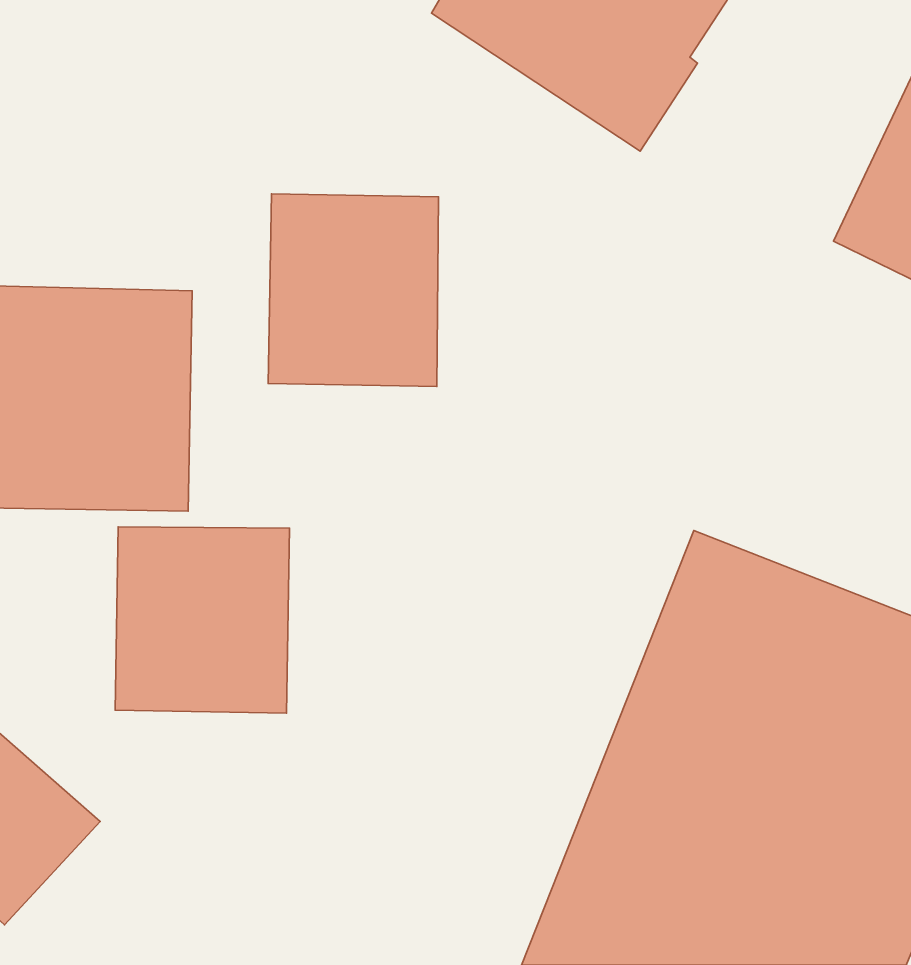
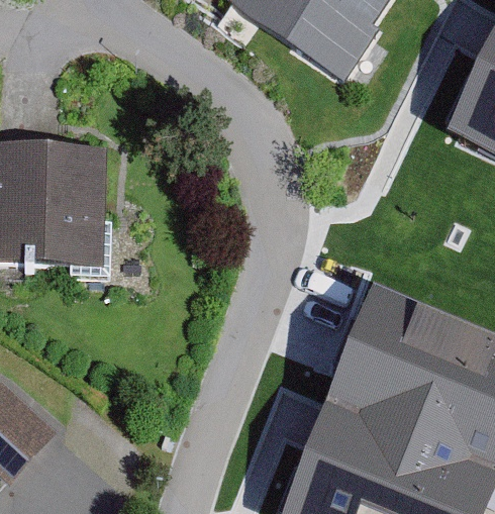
building: [268,194,439,386] -> none
building: [115,527,290,713] -> none

